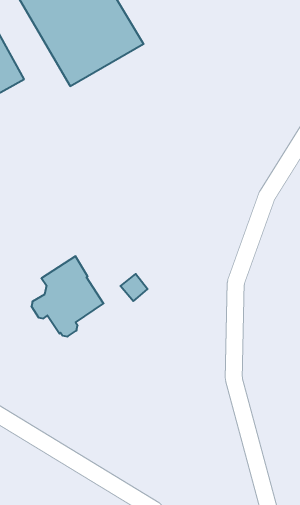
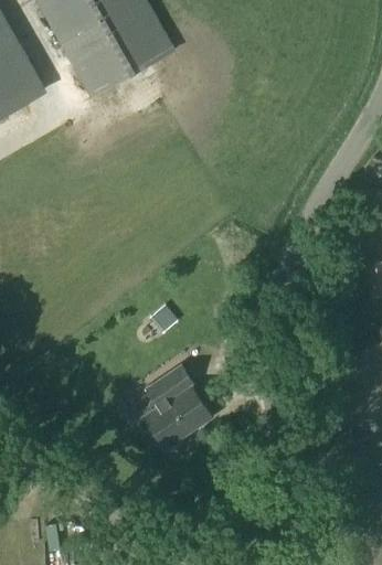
building: [31,256,104,337] -> [132,364,212,452]

